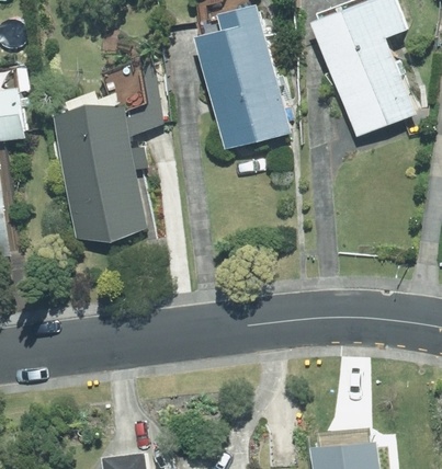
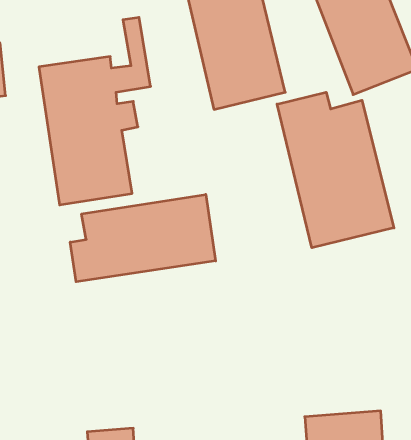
building: none -> [277,92,394,248]
building: none -> [70,194,216,282]

